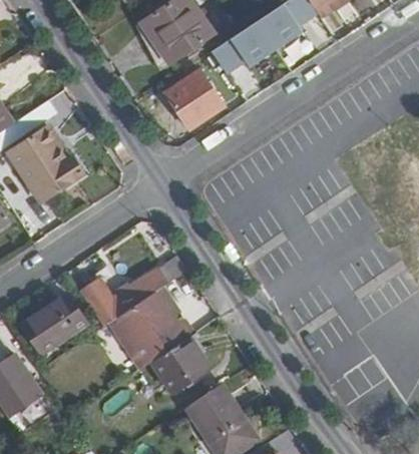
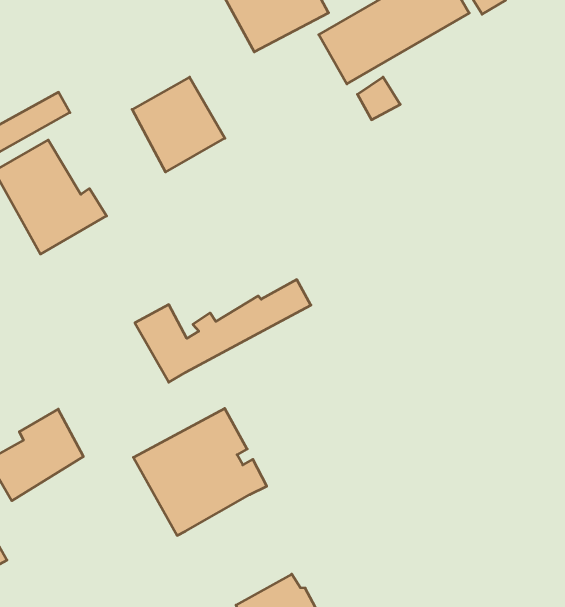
building: [166,71,226,131] -> [132,77,225,172]
building: [80,259,188,329] -> [135,280,311,382]
building: [150,339,210,395] -> none

